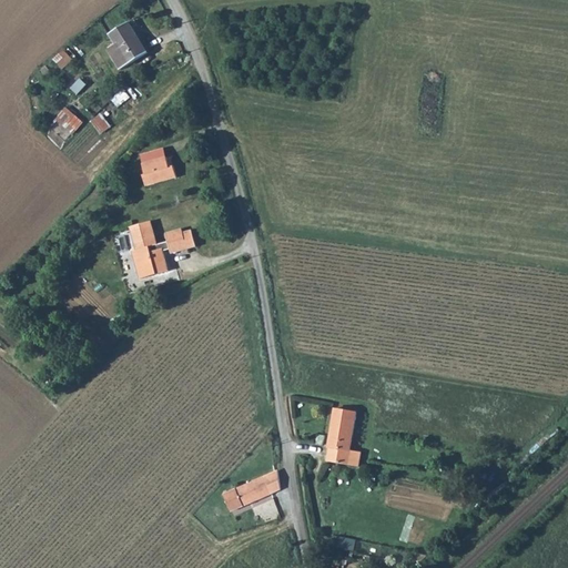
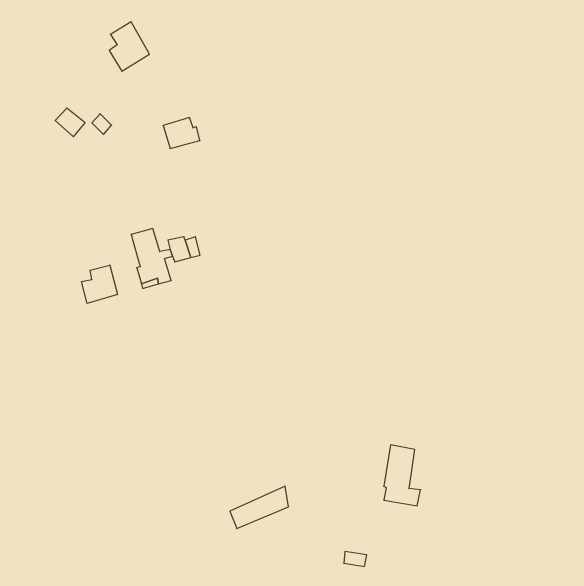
building: [140,153,175,183] -> [163,118,200,149]
building: none -> [82,265,117,303]
building: [325,407,361,466] -> [384,445,421,506]

